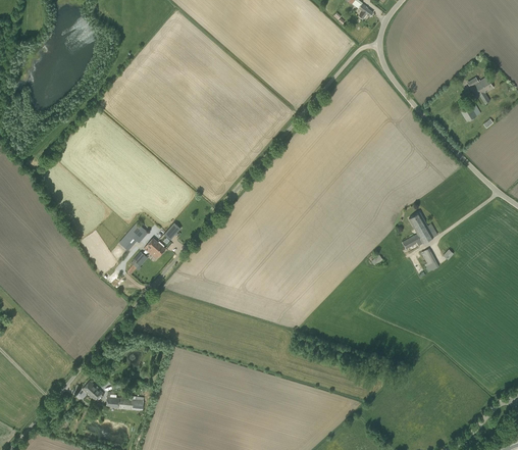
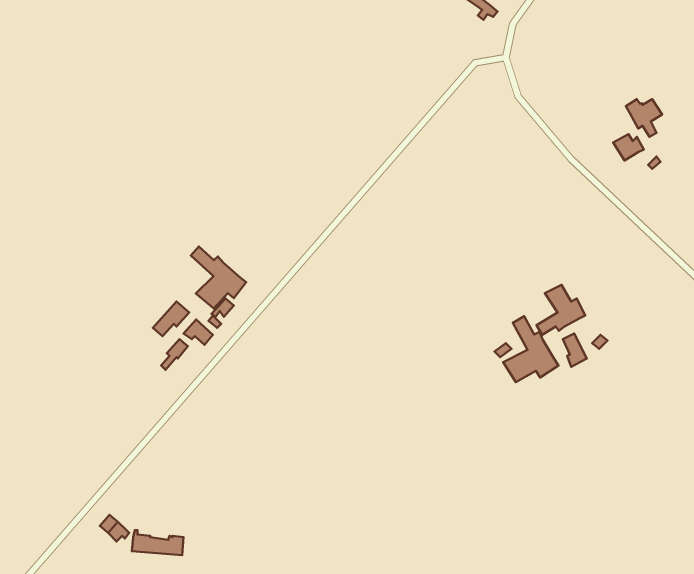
building: none -> [191,246,246,308]
building: none -> [503,316,558,382]

